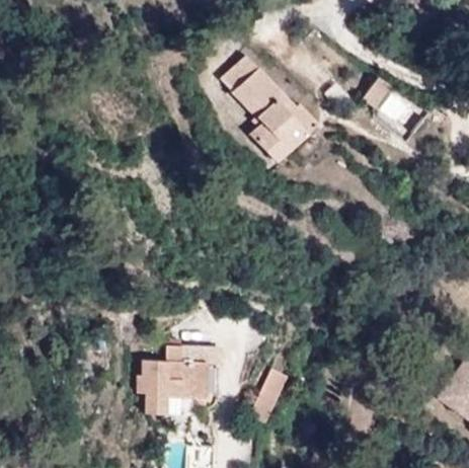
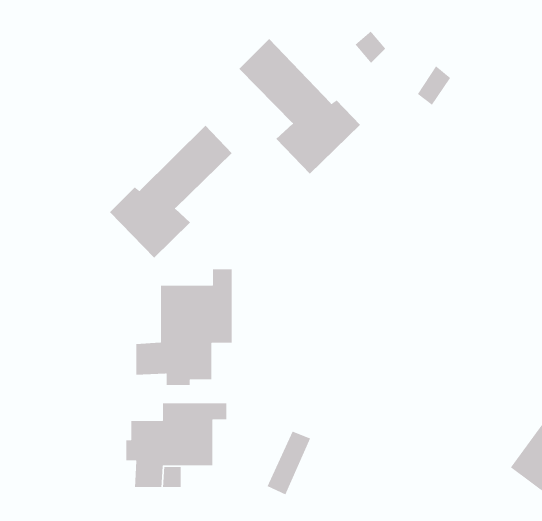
building: none -> [109,125,232,258]
building: none -> [136,269,233,386]

